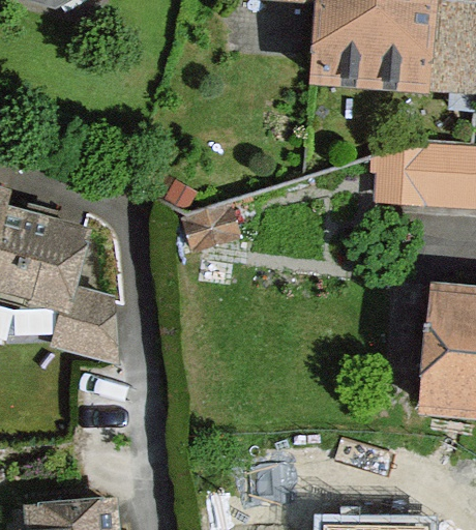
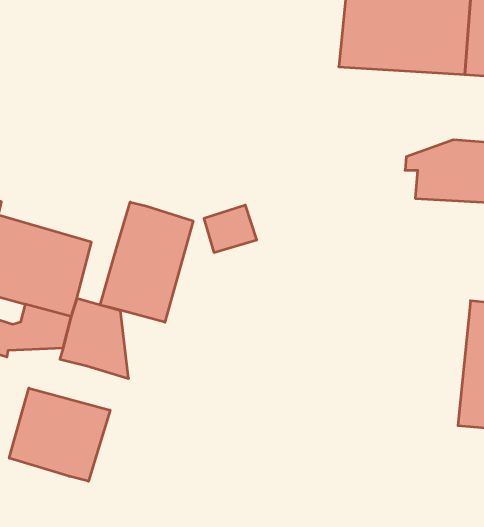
building: none -> [100,202,193,322]
building: none -> [9,388,110,481]

